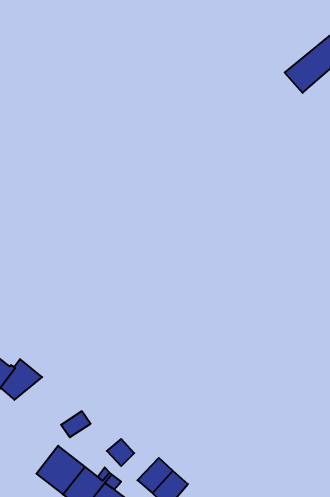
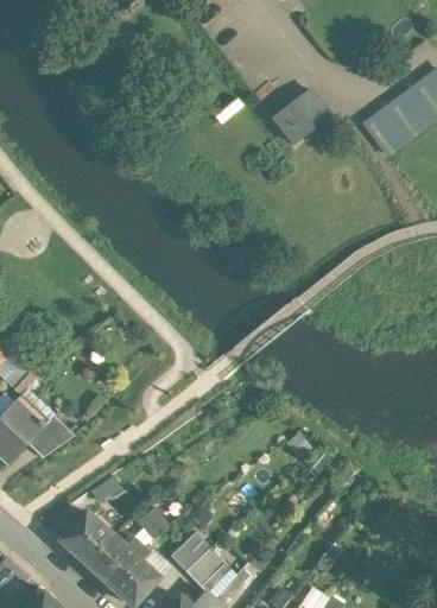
building: none -> [273,90,330,145]

